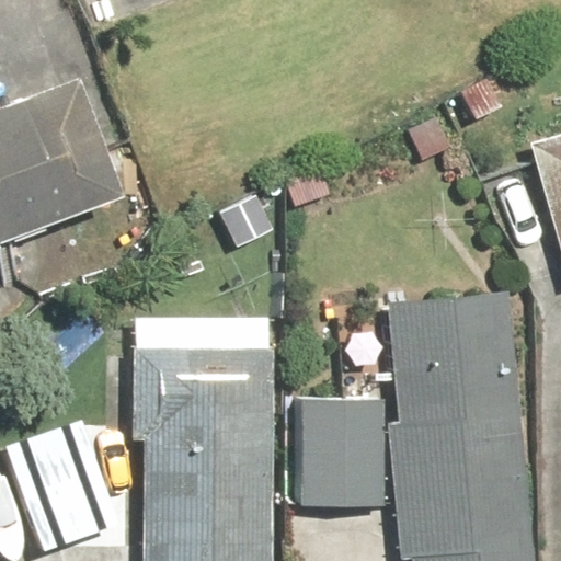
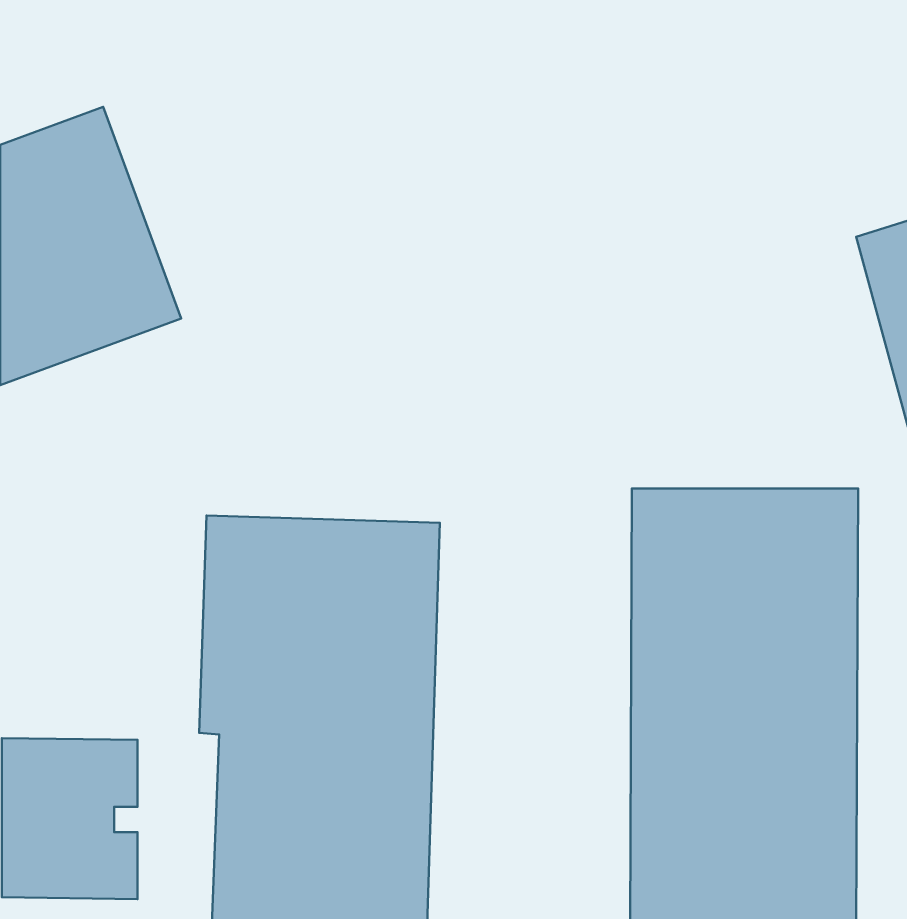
building: [300,398,387,513] -> none

